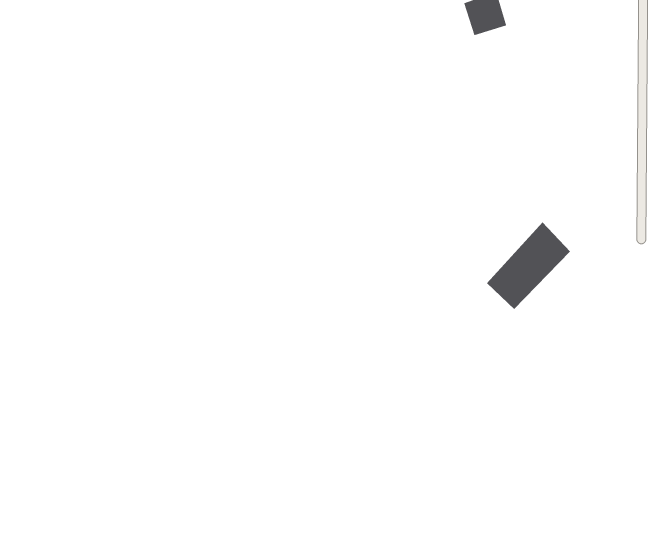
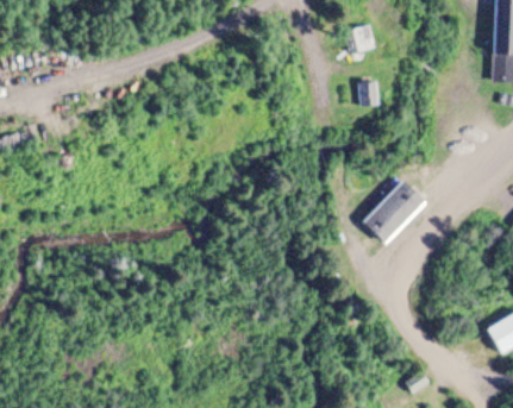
building: none -> [361,81,383,107]

